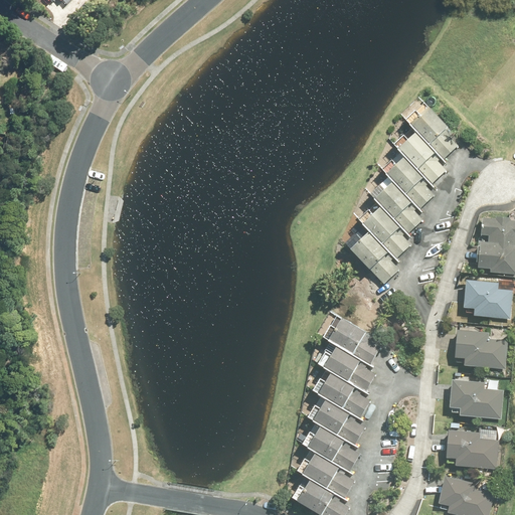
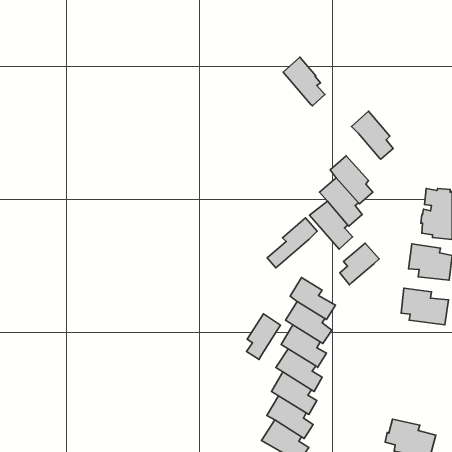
building: [409,104,457,159] -> [283,57,325,106]
building: [385,154,433,209] -> none
building: none -> [267,218,317,268]
building: none -> [340,243,379,285]
building: none -> [246,314,280,359]
building: [449,379,503,419] -> none
building: [445,428,498,470] -> none

